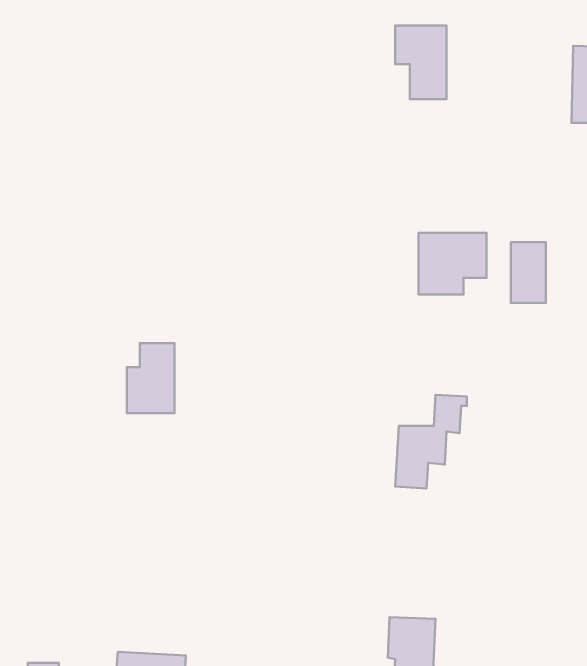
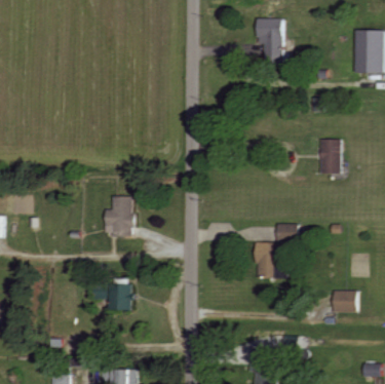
building: [419,233,487,294] -> none
building: none -> [109,283,132,309]
building: none -> [333,290,357,311]

